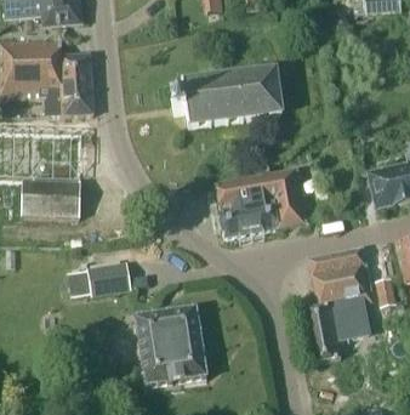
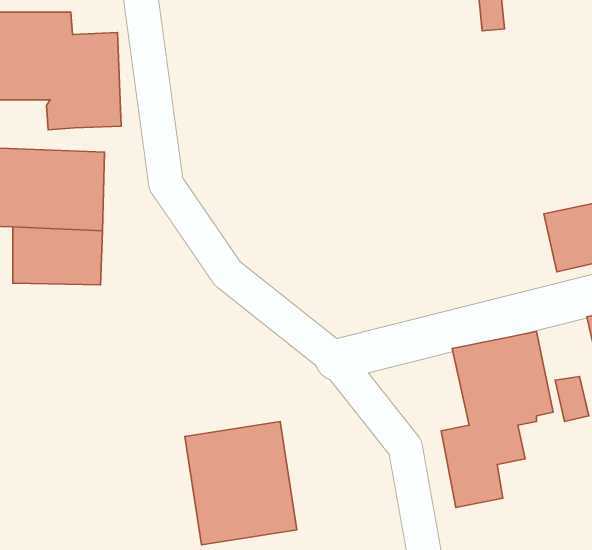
building: [170,70,283,127] -> none
building: [217,170,309,239] -> none
building: [87,261,132,297] -> none

